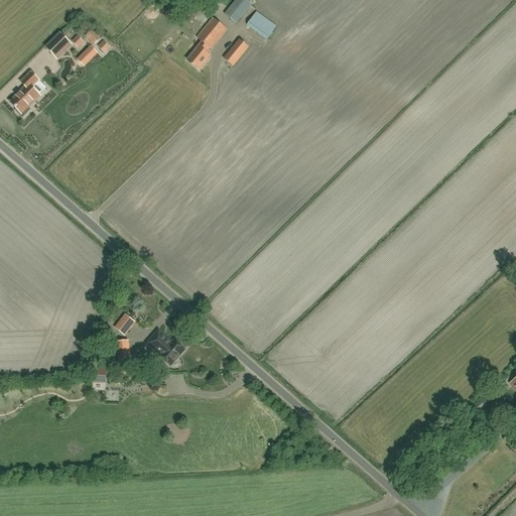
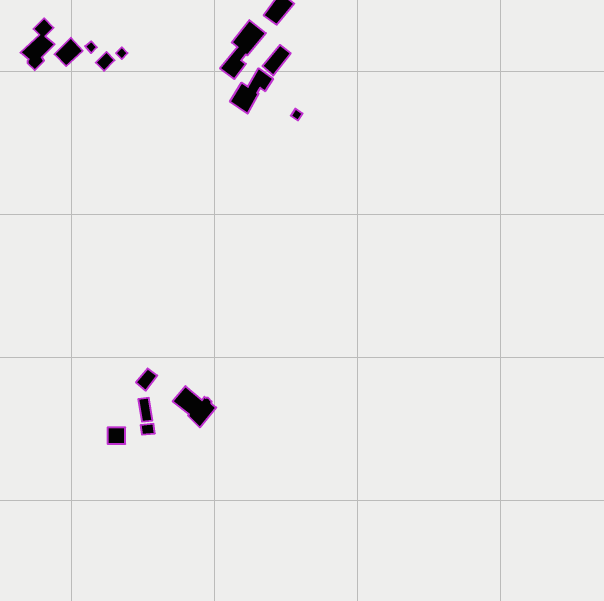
building: [247,11,276,38] -> none
building: none -> [230,68,273,114]
building: [10,72,39,116] -> [20,18,55,70]

